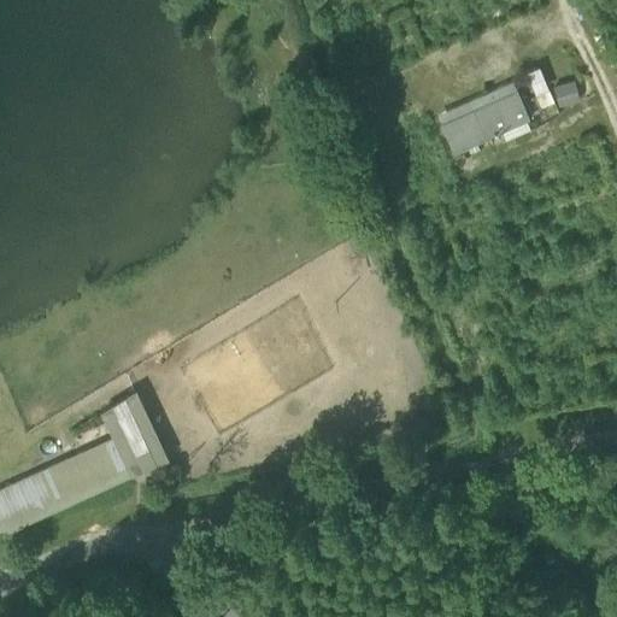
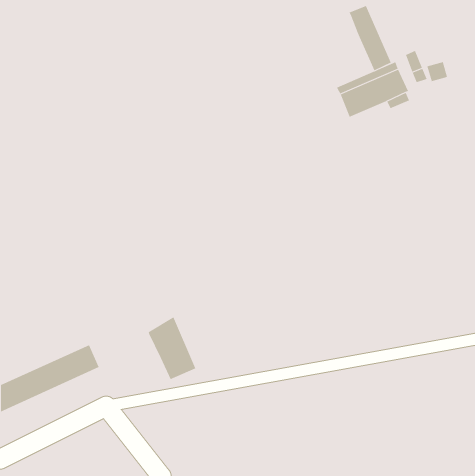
building: none -> [349,5,391,71]
building: [101,393,164,475] -> [148,316,196,380]

